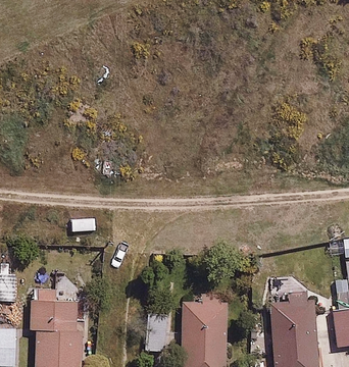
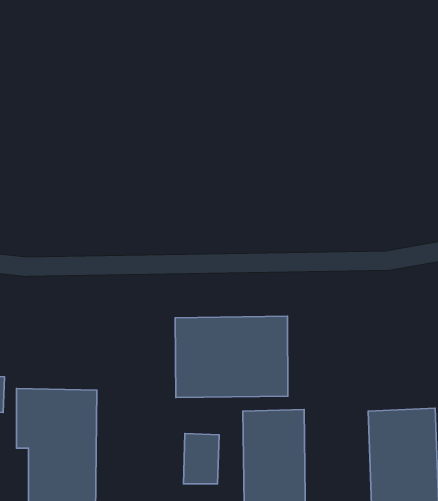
building: none -> [175,316,288,398]

